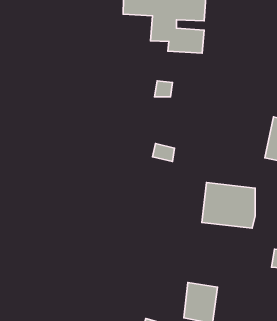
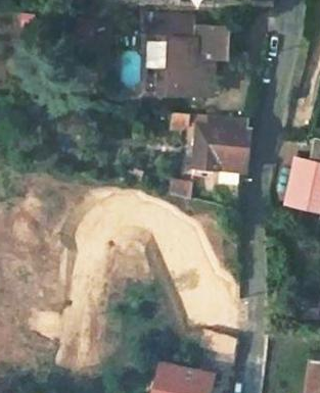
building: [202,183,255,228] -> [189,128,246,177]

